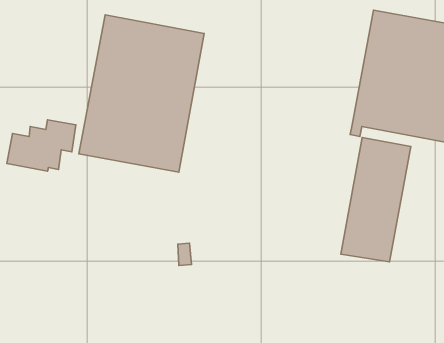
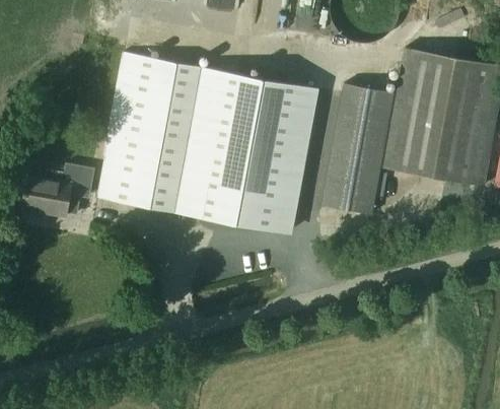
building: none -> [202,73,313,234]
building: [341,138,411,262] -> [322,85,395,215]

